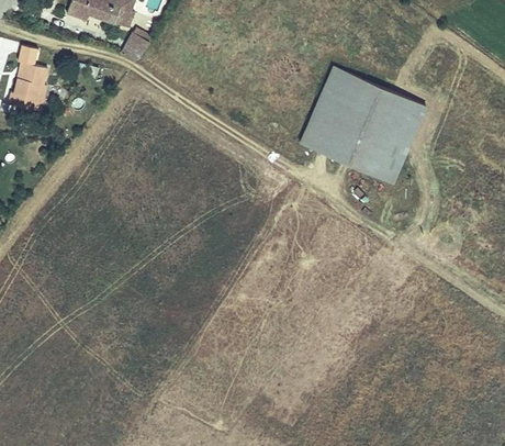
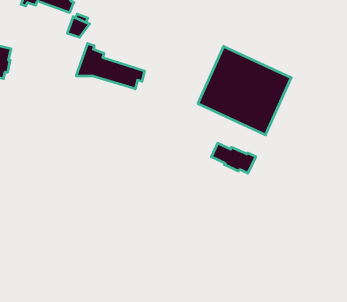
building: none -> [76,43,144,89]
building: none -> [211,143,256,173]

